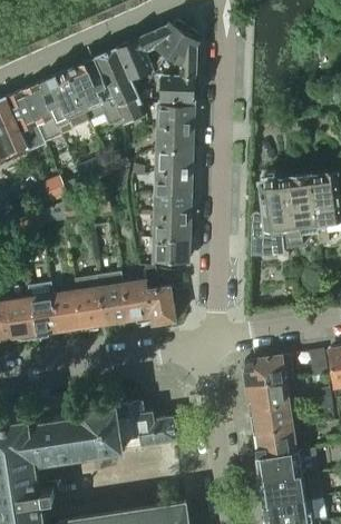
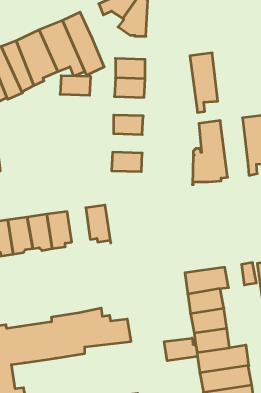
building: [116,38,152,79] -> none
building: [159,76,195,100] -> none
building: [156,149,193,172] -> [60,76,91,95]
building: [284,175,318,246] -> [190,53,218,112]
building: [155,194,191,217] -> none
building: [154,238,189,261] -> none
building: [100,260,128,324] -> none
building: [144,266,176,328] -> none
building: none -> [164,338,197,361]

